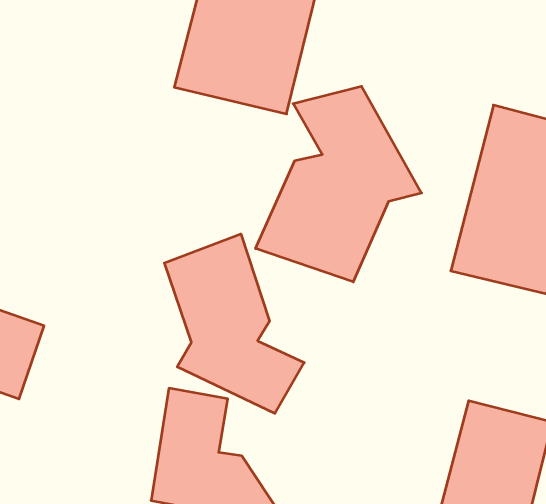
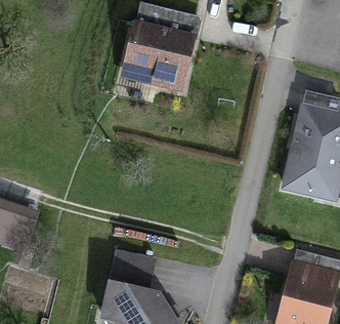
building: [256,86,422,282] -> none
building: [164,234,304,413] -> none

